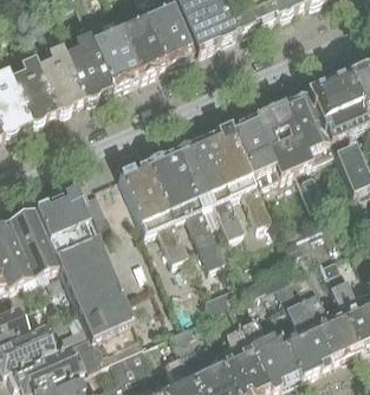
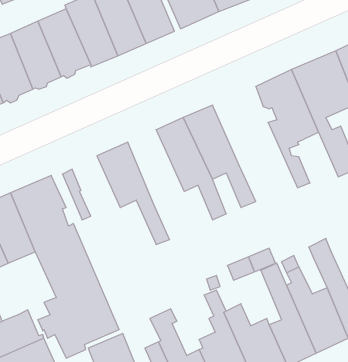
building: [228,111,294,187] -> none
building: [147,151,223,267] -> none

